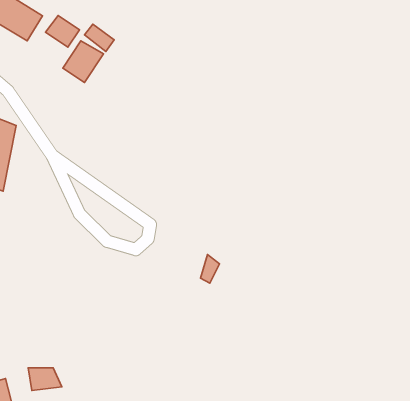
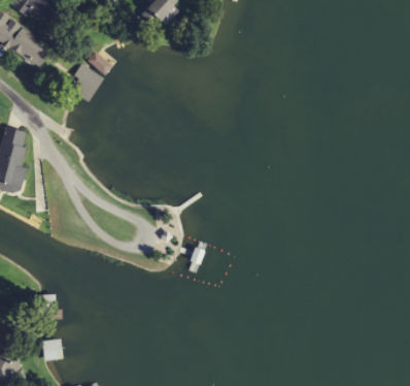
building: [46,16,79,47] -> none

